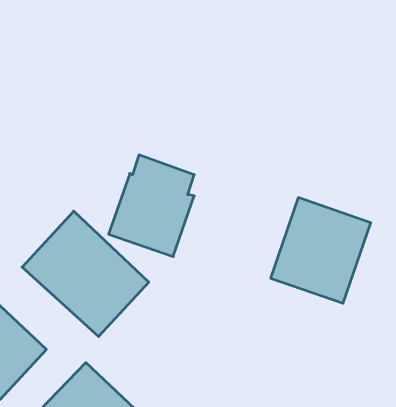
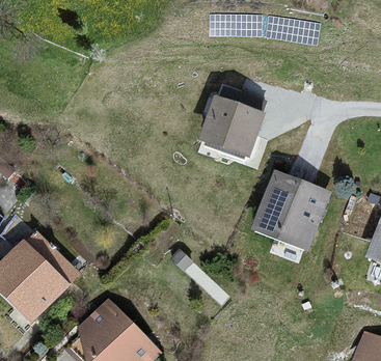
building: [109,155,194,257] -> [196,86,264,166]
building: [22,211,149,337] -> none

